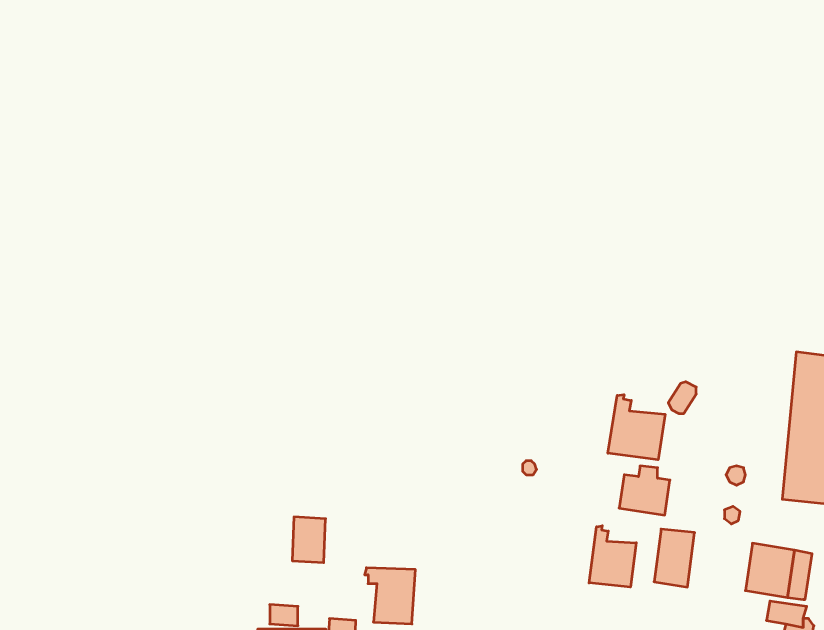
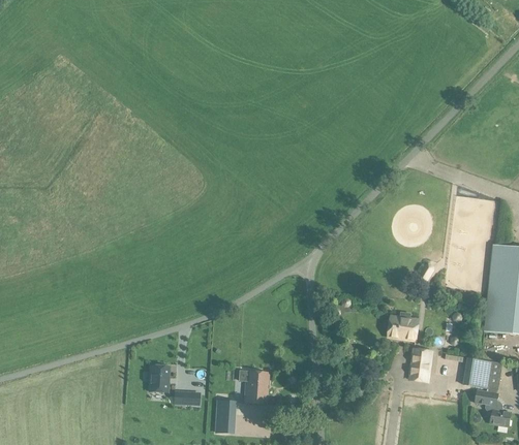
building: [608,395,665,460] -> none
building: [292,517,326,563] -> [150,365,170,392]
building: [589,526,636,587] -> none

